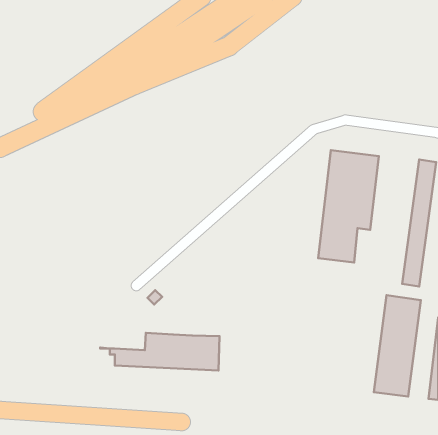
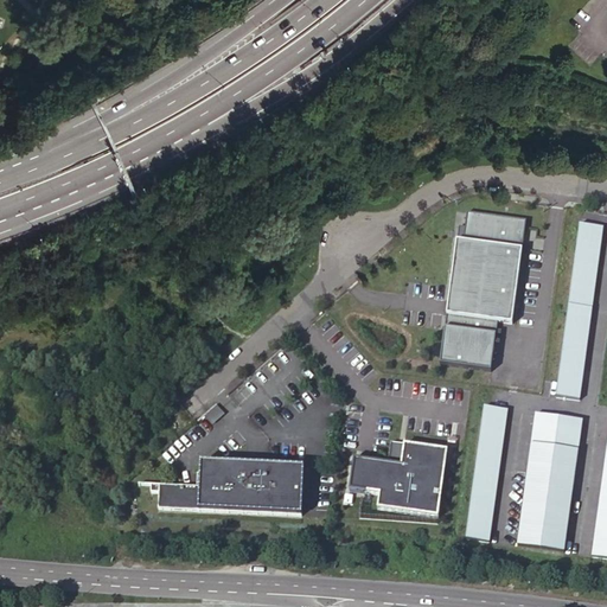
building: none -> [466,402,509,539]
building: none -> [345,440,446,515]

